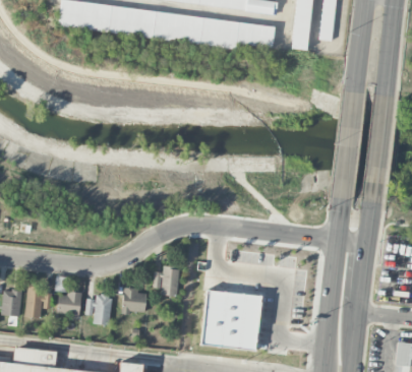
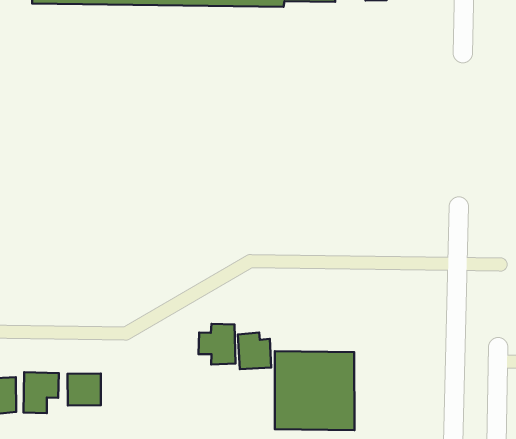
building: [122,288,145,313] -> [238,333,271,369]
building: [85,293,111,324] -> none

